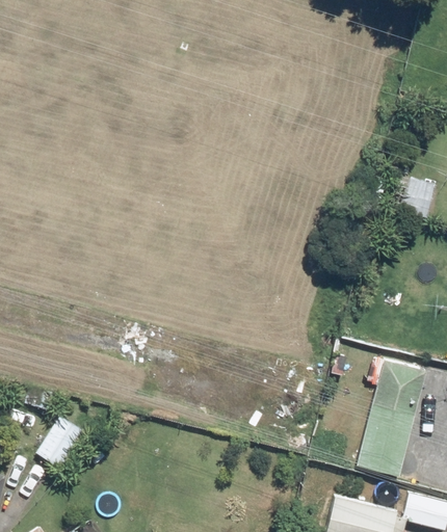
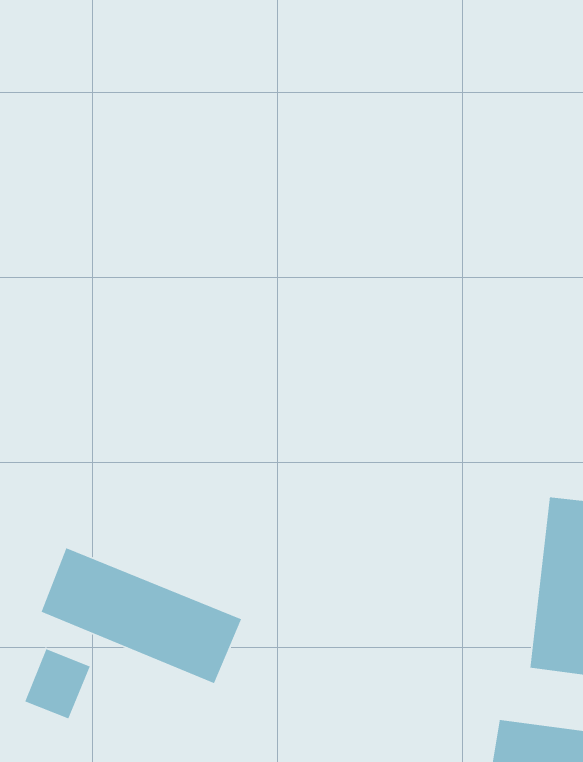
building: none -> [41,547,242,684]

